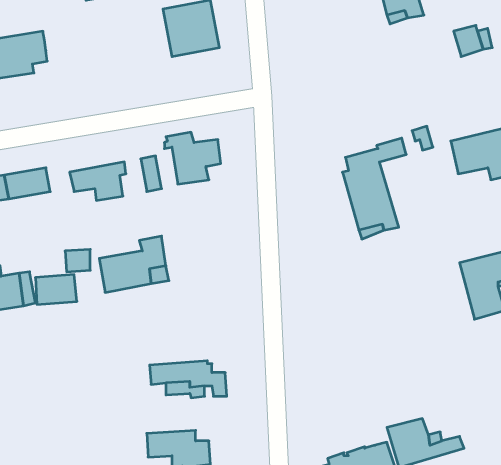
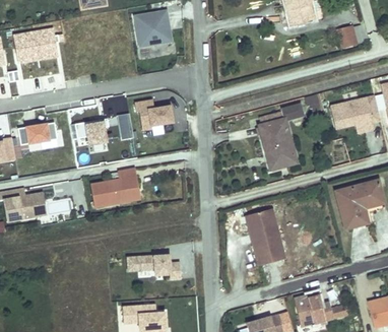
building: none -> [247,206,286,265]

